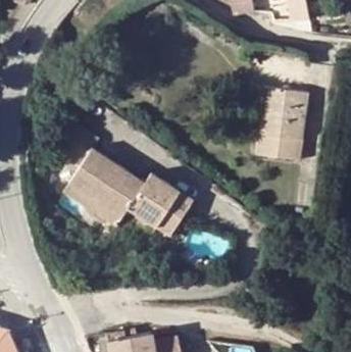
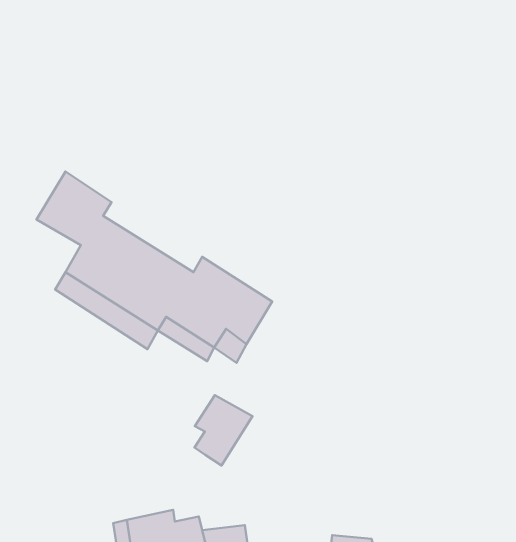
building: [257,87,309,160] -> none
building: none -> [194,395,252,466]

